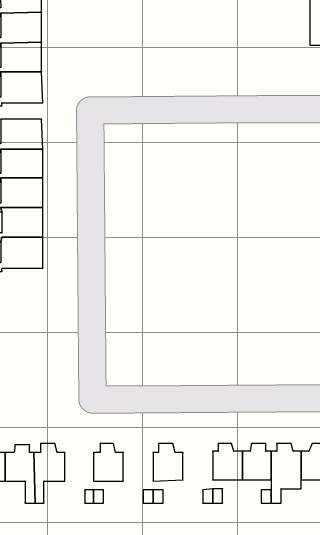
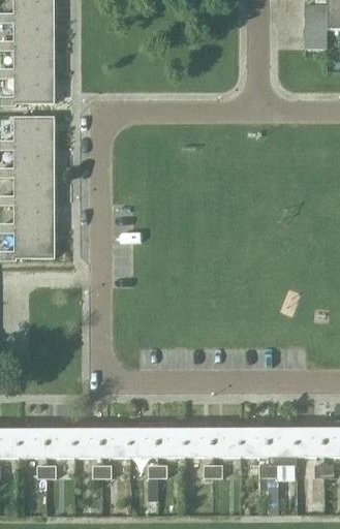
building: none -> [75,423,102,458]
building: none -> [130,423,158,458]
building: none -> [186,423,214,457]

